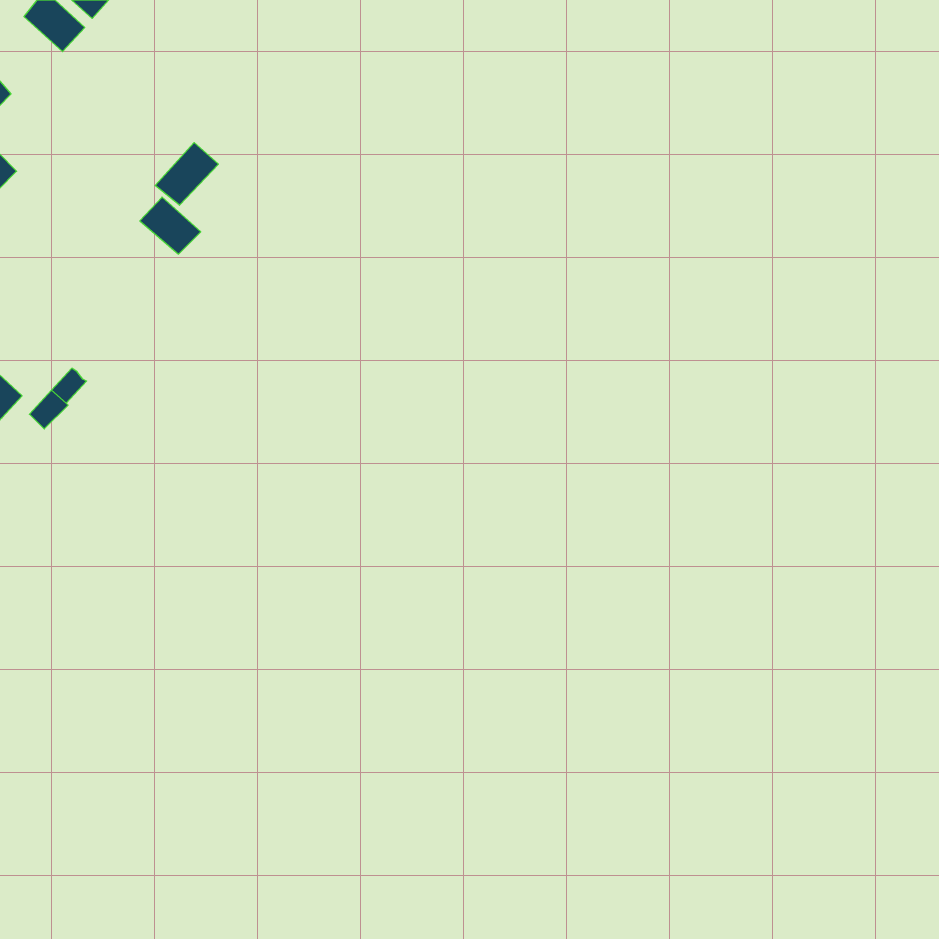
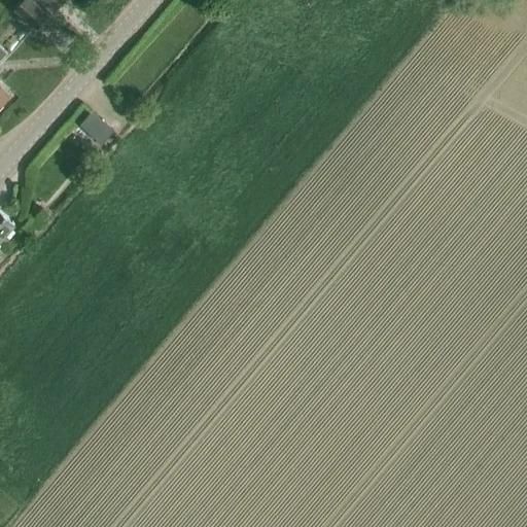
building: [155,143,218,205] -> none

